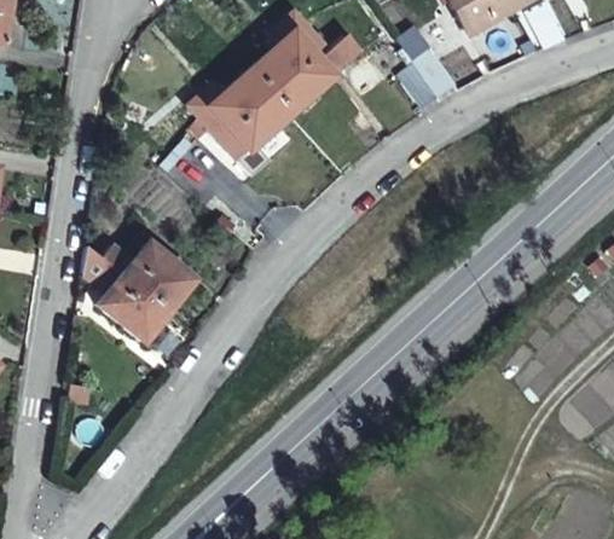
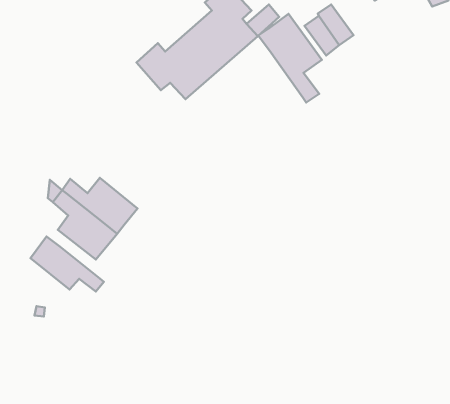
building: none -> [258,14,322,102]
building: none -> [31,237,104,291]

